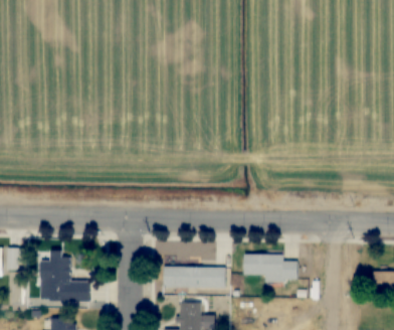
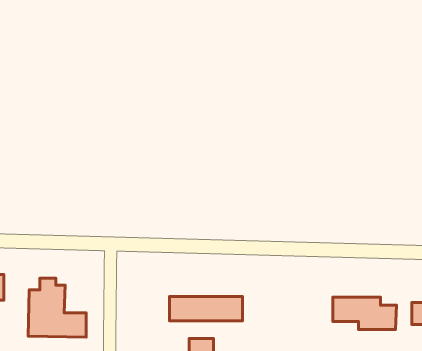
building: [243,254,299,282] -> [333,297,397,330]

